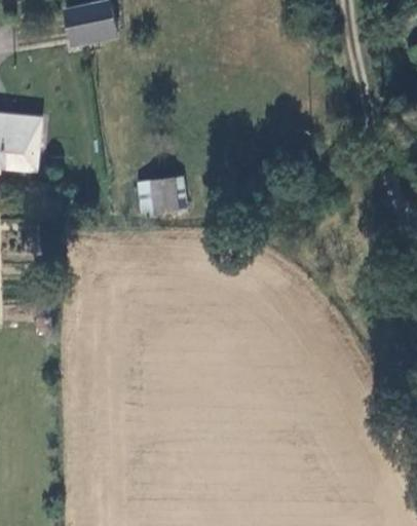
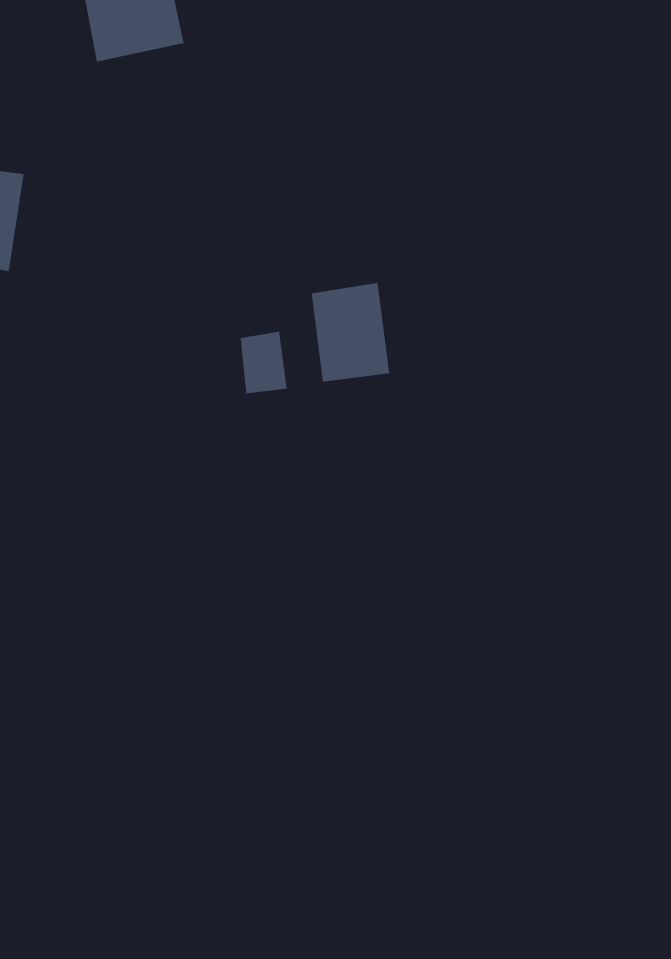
building: none -> [311,282,390,383]

